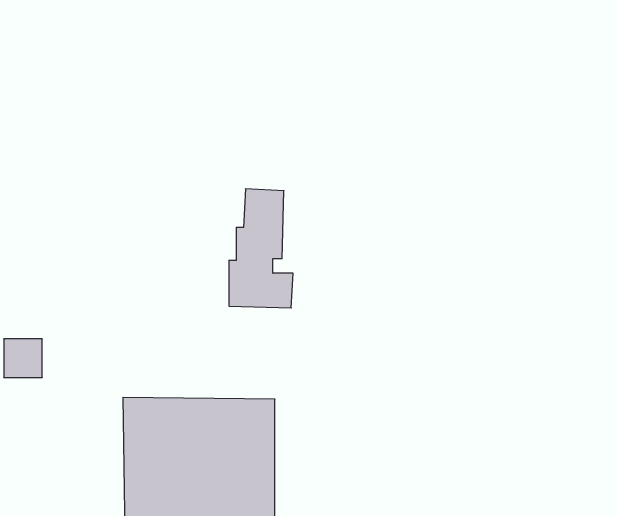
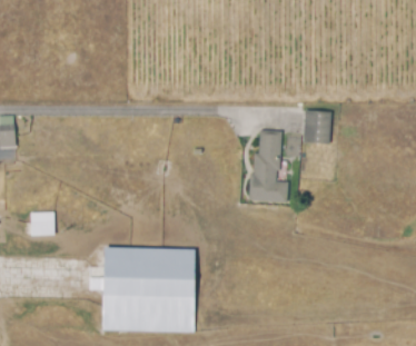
building: none -> [303,110,330,144]
building: [229,189,293,308] -> [249,128,288,200]

